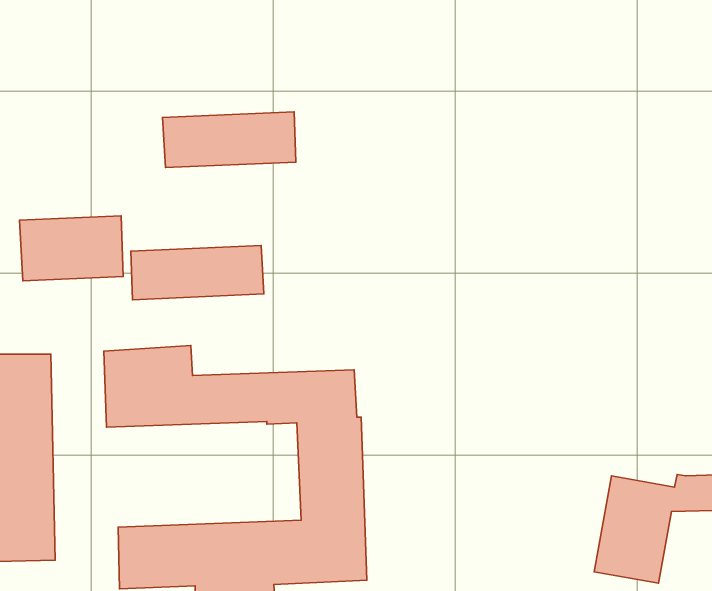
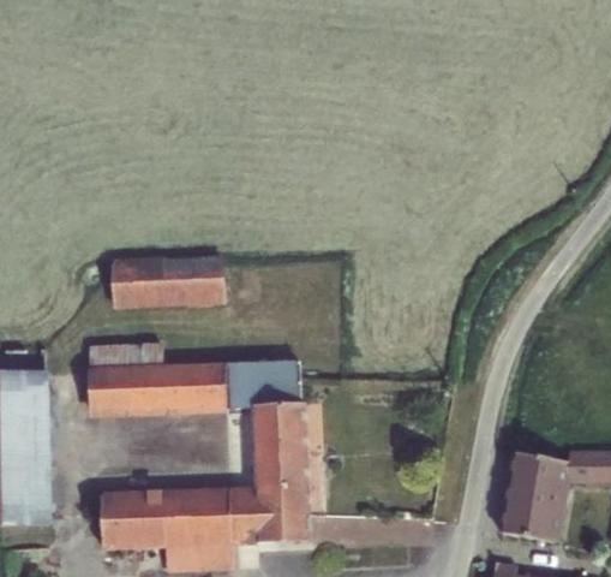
building: [163,112,296,168] -> none
building: [20,216,123,281] -> none

